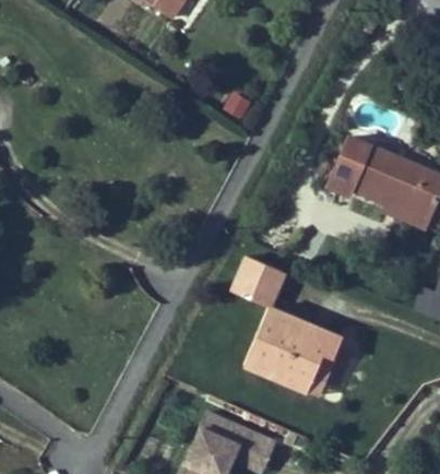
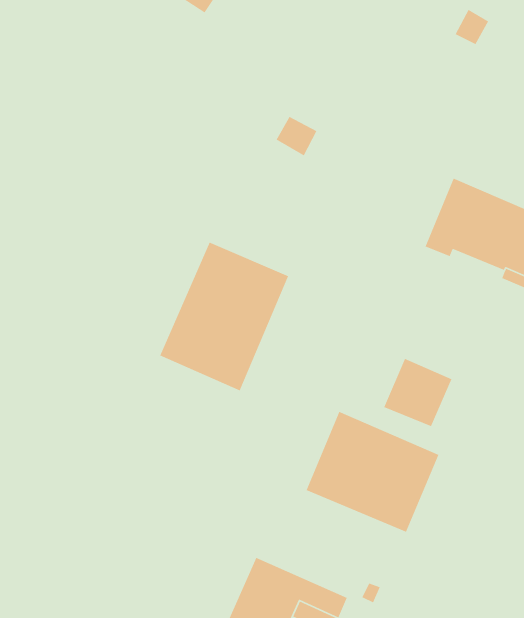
building: none -> [159,241,289,392]
building: [234,257,284,307] -> [383,358,453,427]

